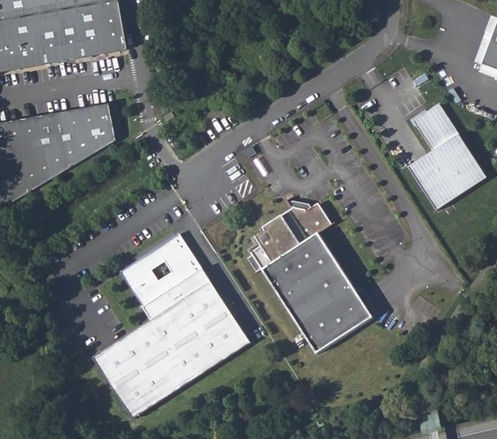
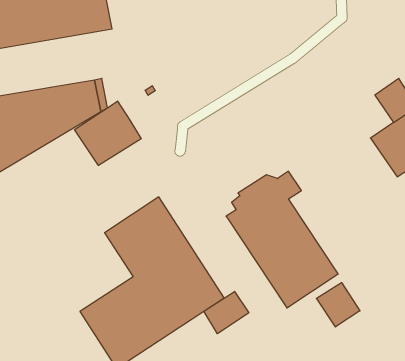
building: none -> [75,101,141,165]
building: none -> [316,283,360,327]
building: none -> [204,291,249,334]

